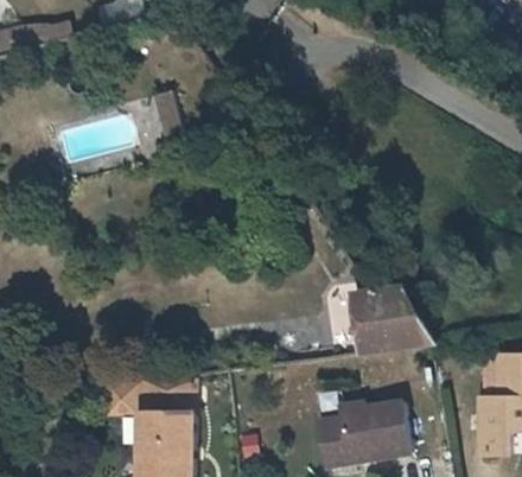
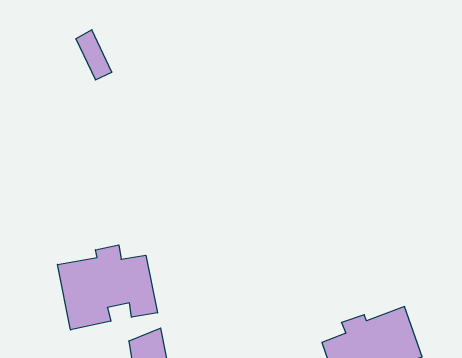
building: none -> [58,245,157,330]
building: [359,305,433,351] -> none

